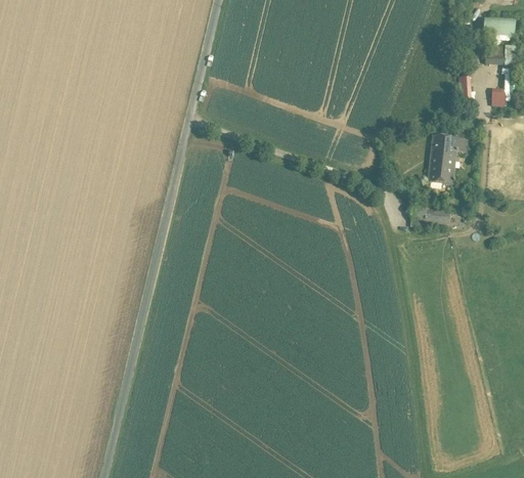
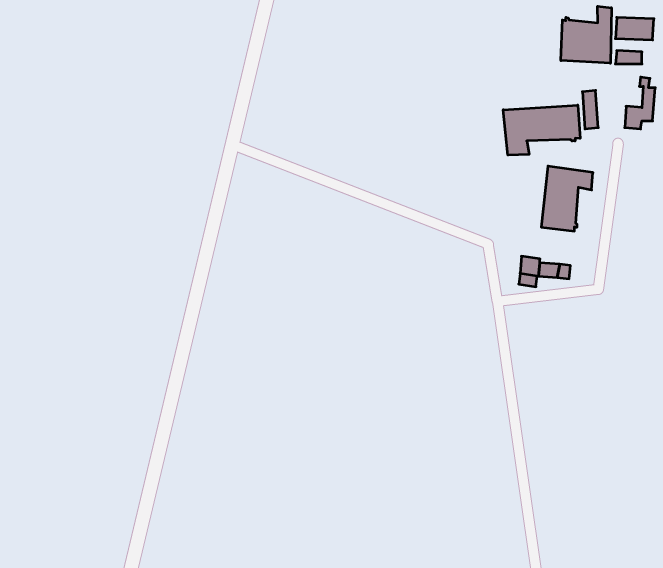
building: none -> [561,6,611,63]
building: none -> [503,105,580,155]

